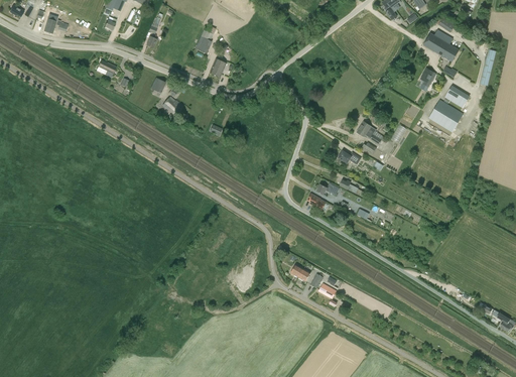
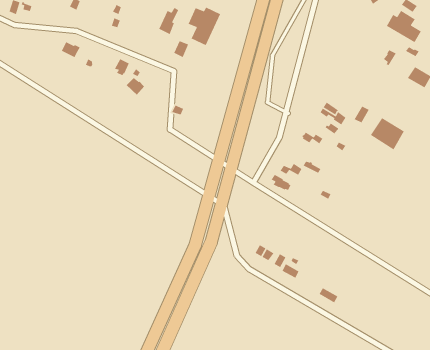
building: none -> [188,6,221,46]
building: [428,100,464,133] -> [370,117,405,150]

